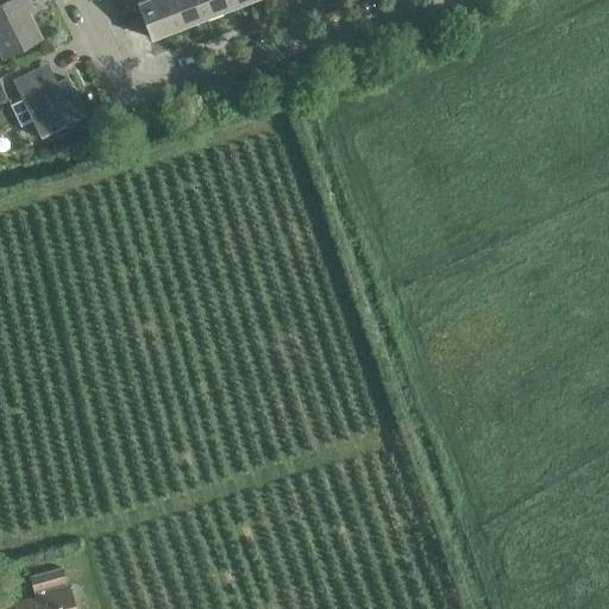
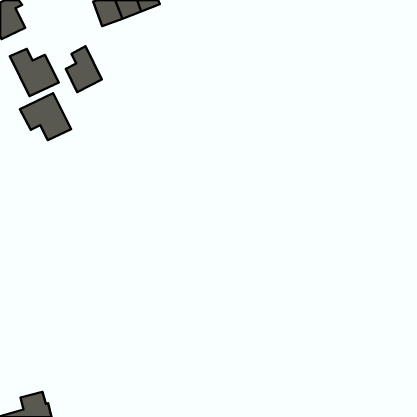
building: none -> [66,46,102,92]
building: none -> [20,93,71,140]

